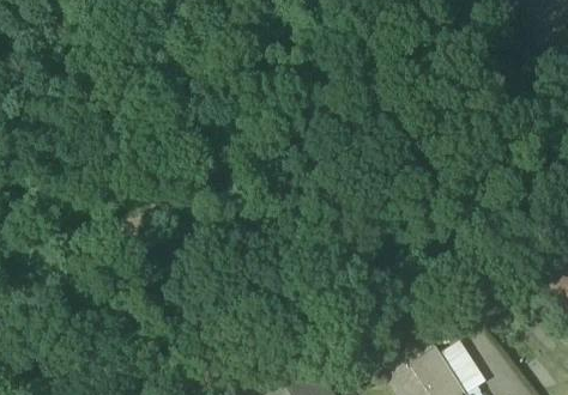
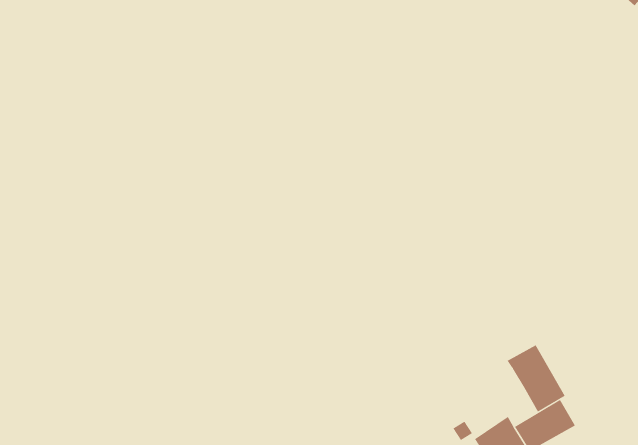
building: none -> [507,345,566,412]

